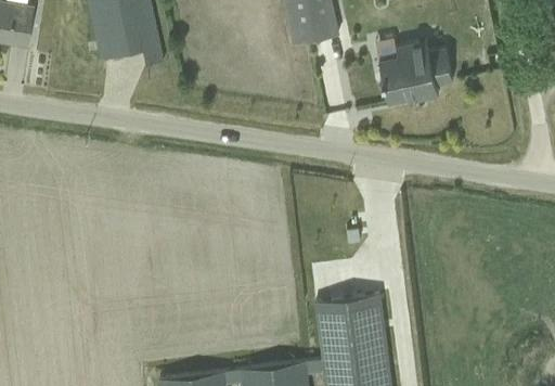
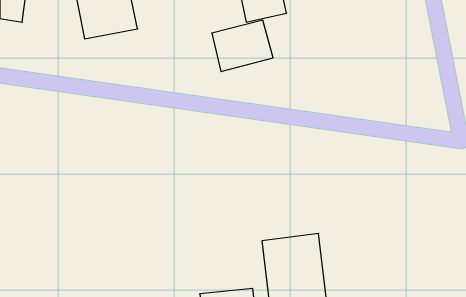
building: [375,40,448,101] -> [212,20,273,72]

